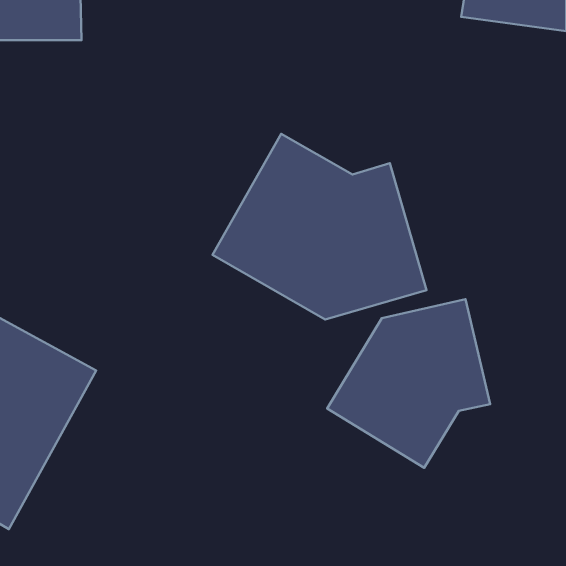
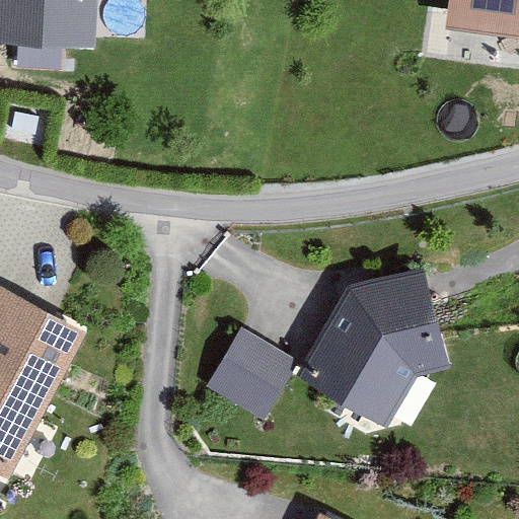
building: [213,134,426,320] -> none
building: none -> [208,333,296,423]

